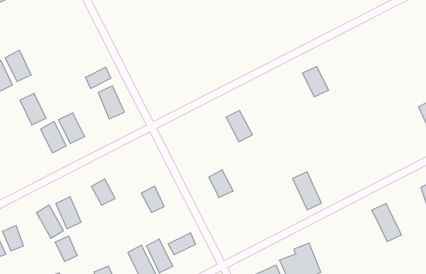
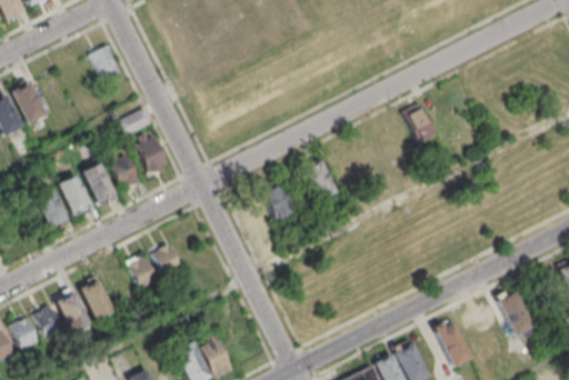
building: none -> [92,47,123,82]
building: [20,94,46,125] -> [34,190,69,231]
building: none -> [112,154,138,186]
building: [209,170,233,198] -> [263,182,296,219]
building: [293,172,321,210] -> [433,316,471,366]
building: [141,186,164,212] -> [151,240,181,274]
building: [168,233,196,255] -> none
building: [55,236,77,261] -> [33,303,62,337]

